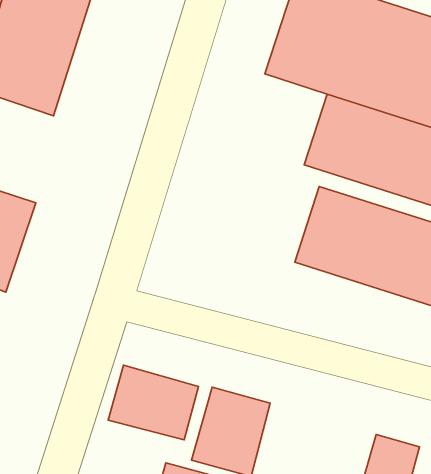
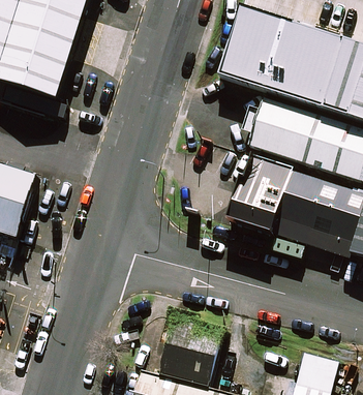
building: [108,365,198,440] -> none

